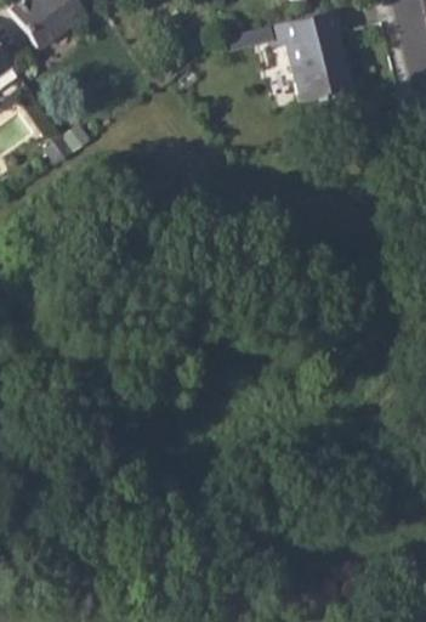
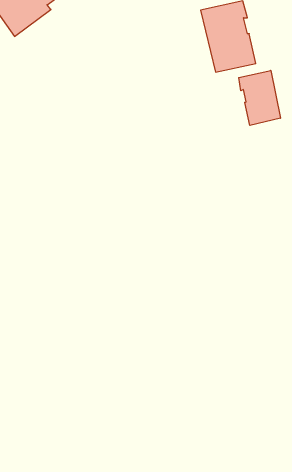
building: none -> [239,70,280,125]

